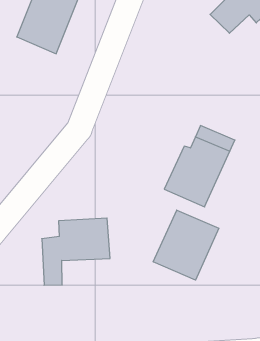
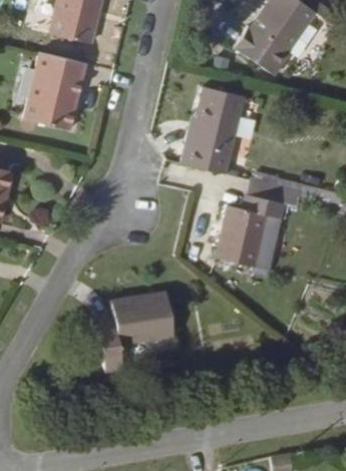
building: none -> [189,87,252,174]
building: [153,210,219,280] -> none

